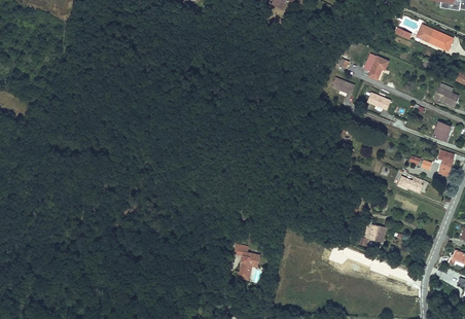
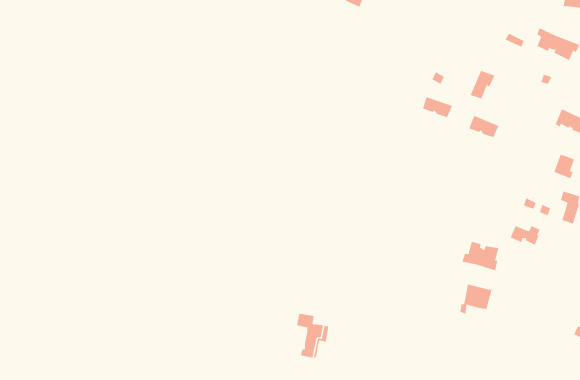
building: none -> [462,241,499,271]

